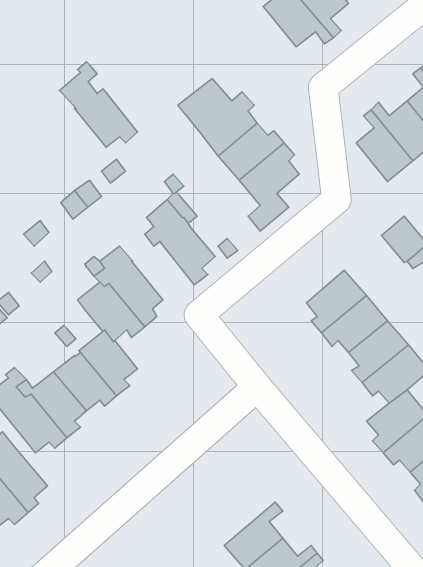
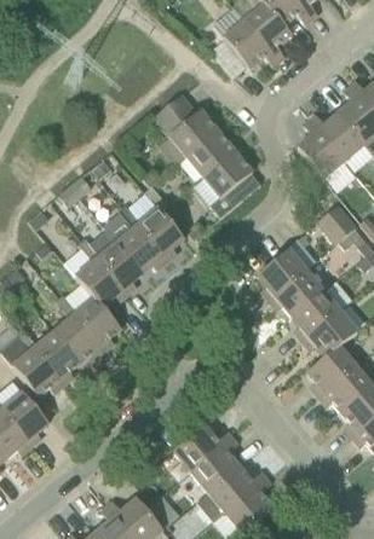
building: [60,62,137,147] -> [104,204,167,273]
building: none -> [174,424,232,471]

